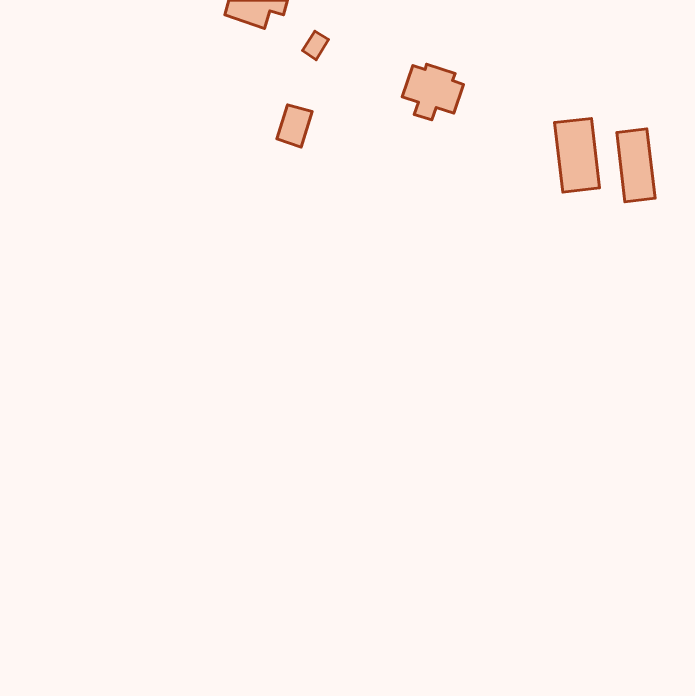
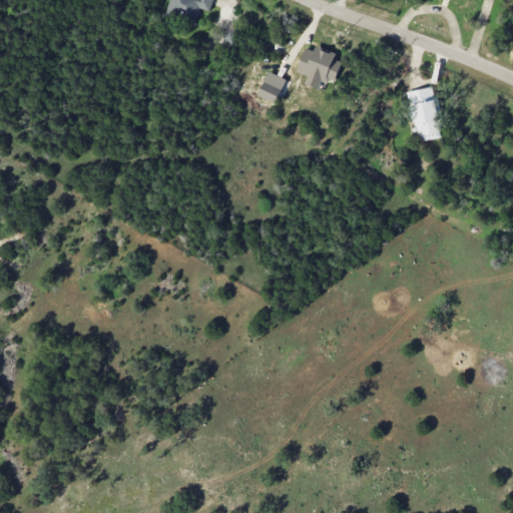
building: [277,105,312,147] -> [258,72,284,103]
building: [617,129,655,202] -> none

